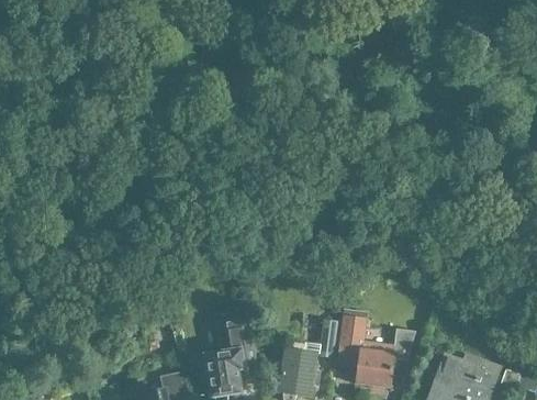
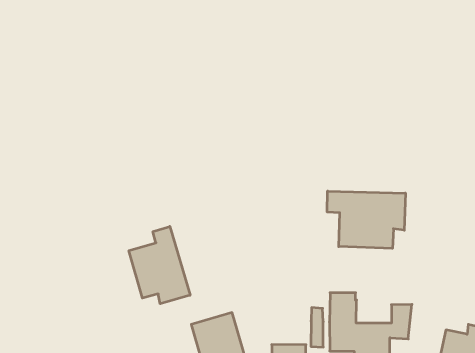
building: none -> [327,191,405,248]
building: none -> [129,226,190,304]

